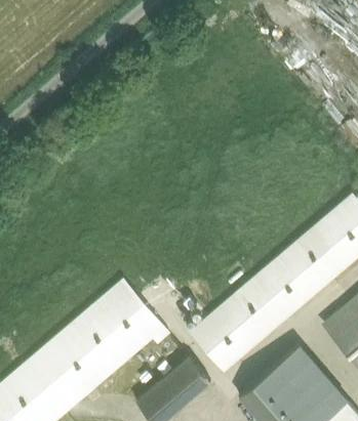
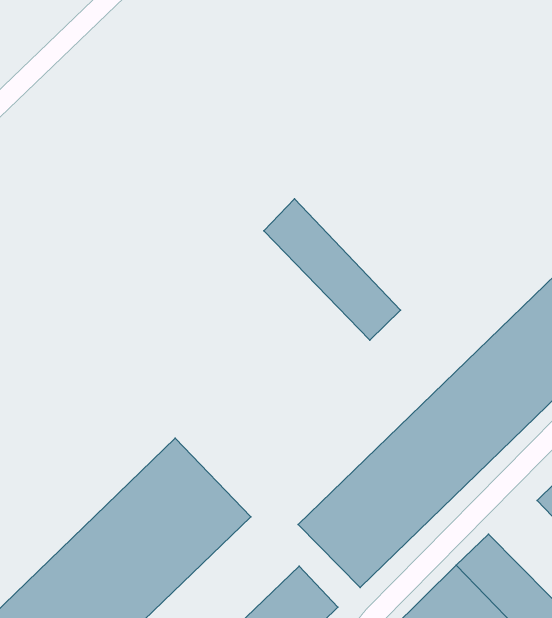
building: none -> [264,199,400,340]

